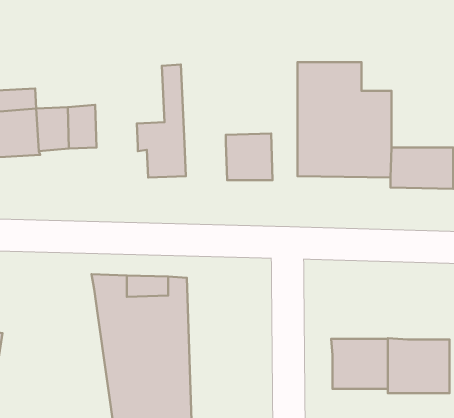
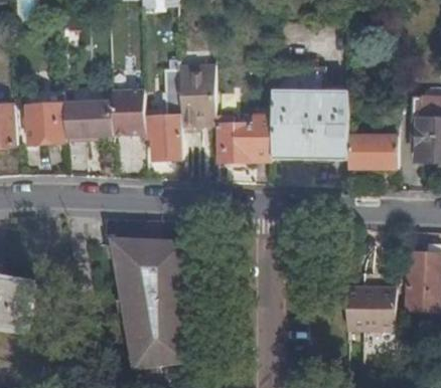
building: none -> [179,64,215,132]
building: none -> [110,88,145,135]
building: none -> [252,113,273,161]
building: [331,339,388,389] -> none

